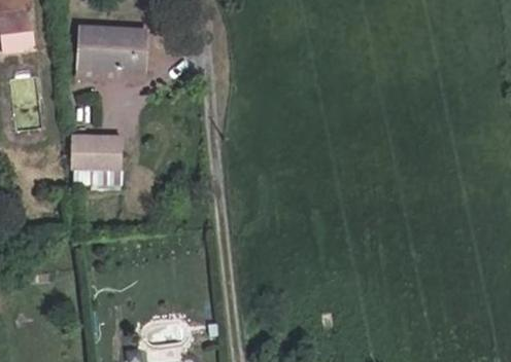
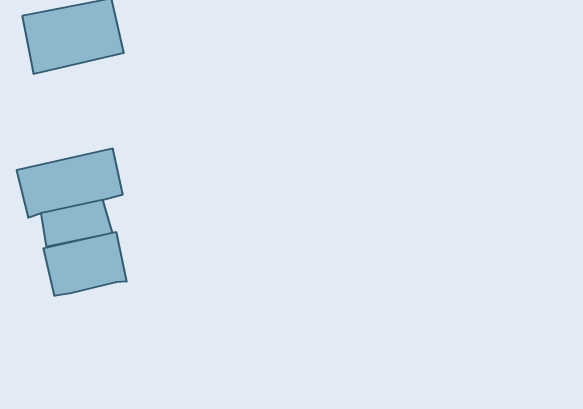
building: none -> [43,232,127,296]

